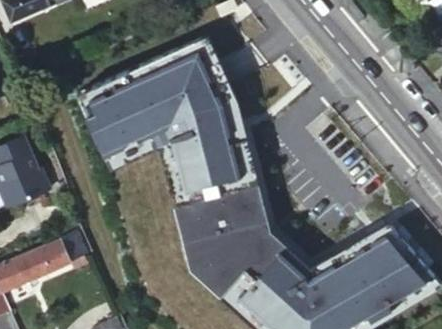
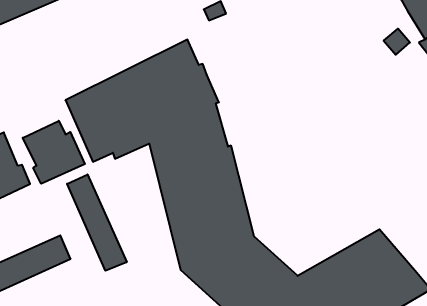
building: none -> [23,121,85,184]
building: none -> [67,174,127,271]

